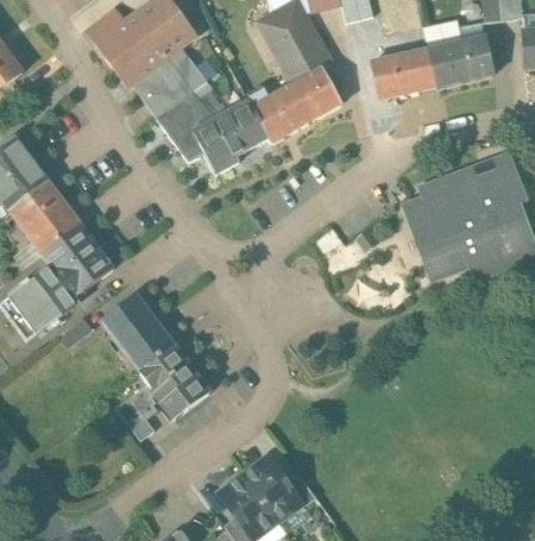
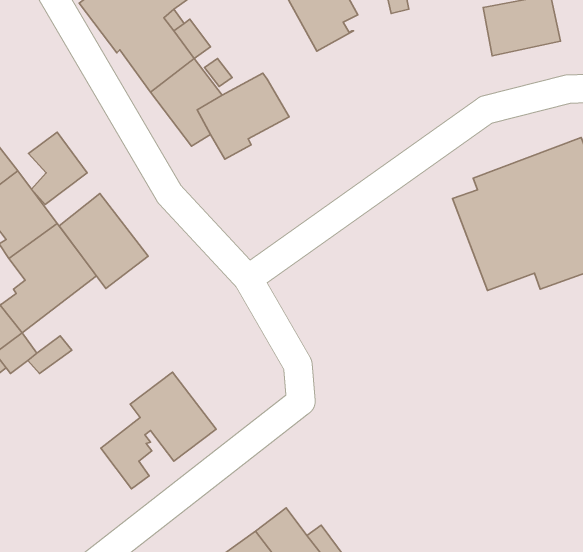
building: [370,48,435,99] -> none
building: [252,67,341,140] -> none
building: none -> [28,132,87,205]
building: [102,294,175,371] -> [59,194,148,288]

